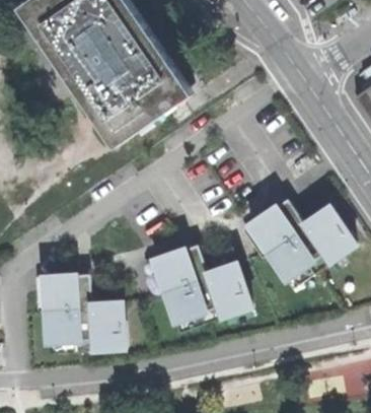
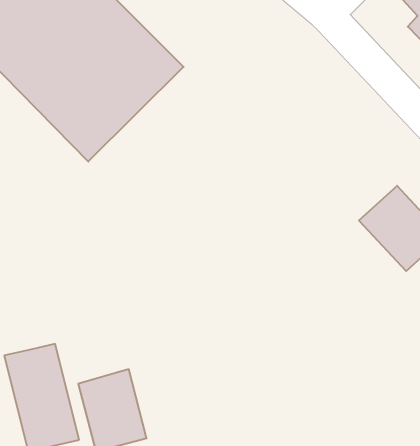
building: [243,203,314,282] -> none
building: [148,247,206,324] -> none
building: [203,261,252,319] -> none

